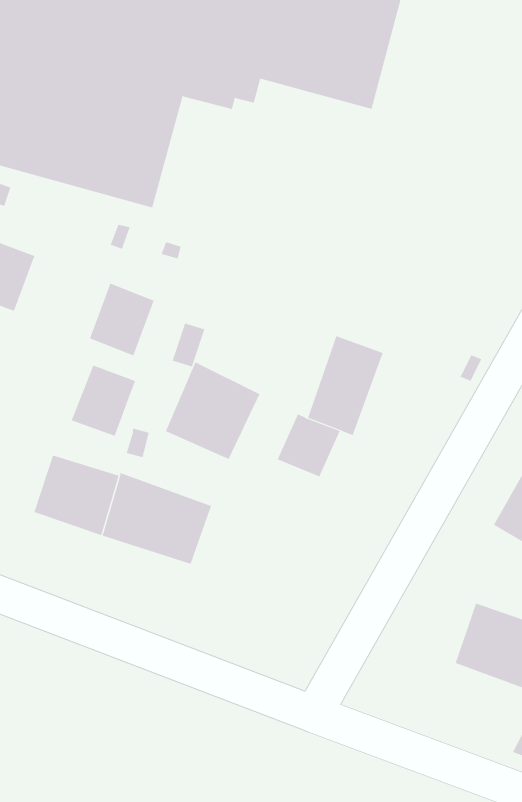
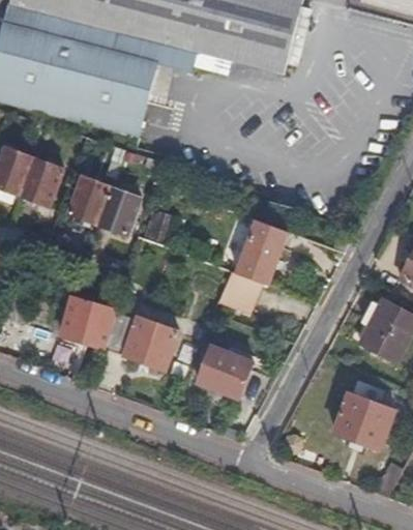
building: [165,362,260,460] -> none
building: [71,365,136,436] -> [67,175,110,222]
building: none -> [199,346,253,396]

